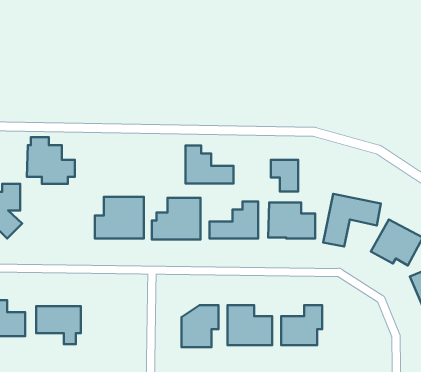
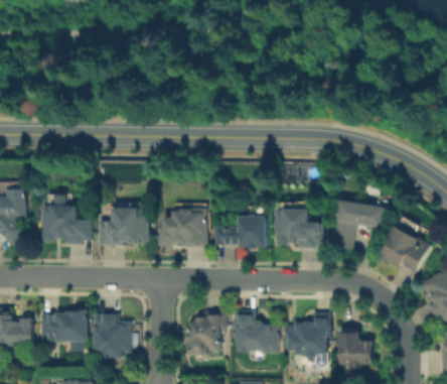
building: [27,137,75,184] -> [42,198,91,245]
building: [186,145,234,183] -> none
building: [271,160,298,191] -> none
building: none -> [95,315,130,360]
building: none -> [339,330,373,364]

